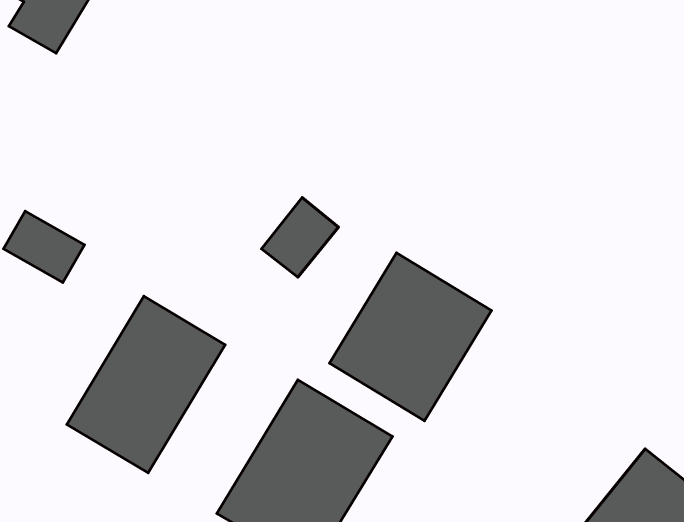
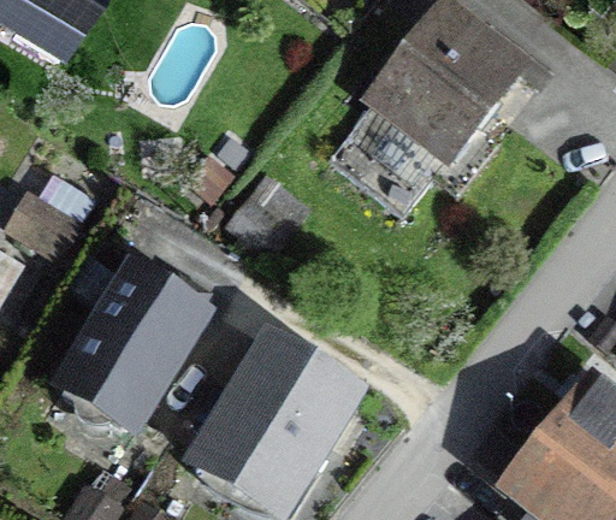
building: none -> [331,10,519,213]
building: [330,253,491,421] -> none

